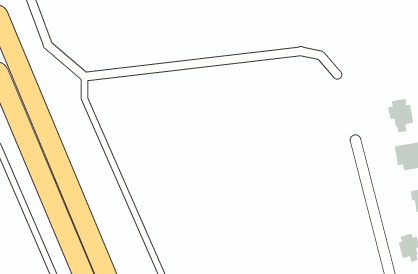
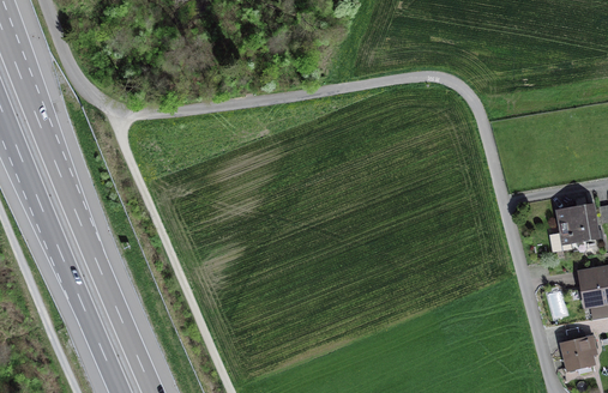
building: [387,98,414,133] -> none

